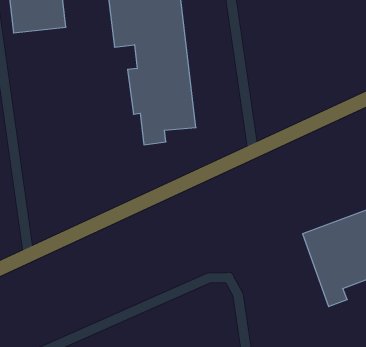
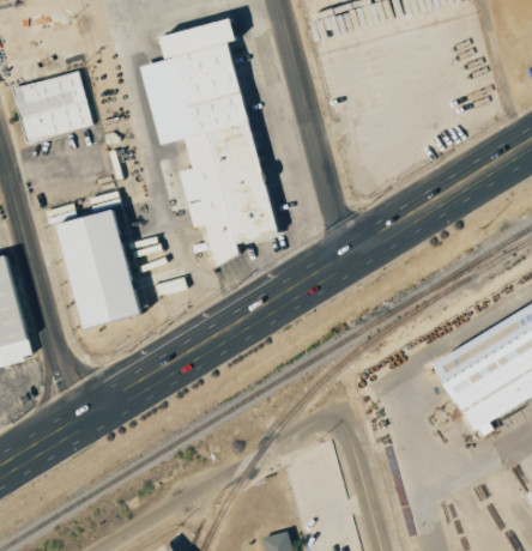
building: none -> [53,206,139,328]

